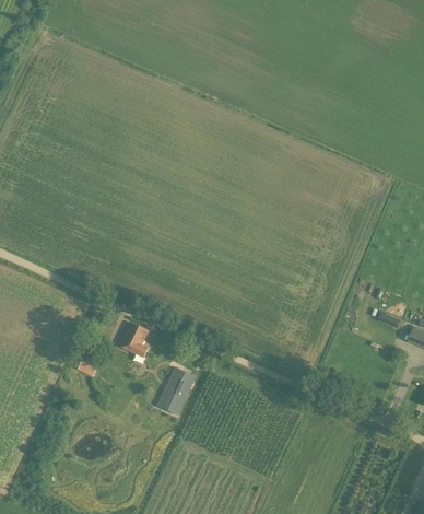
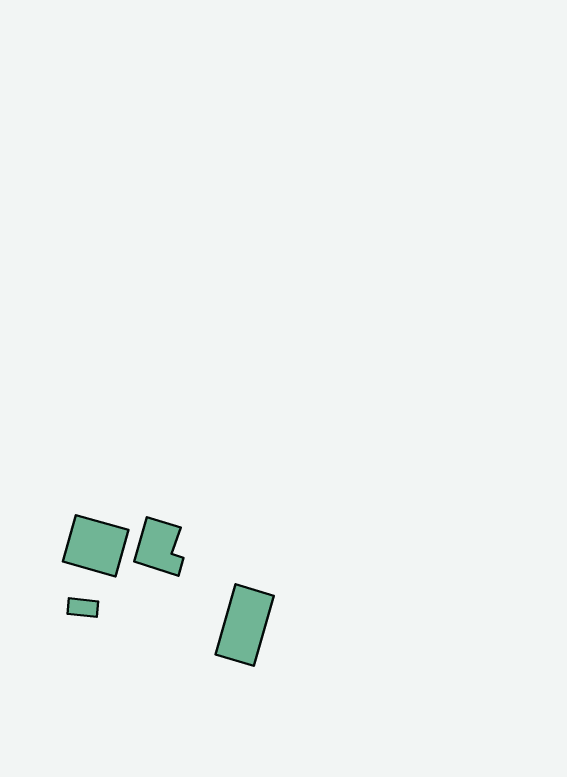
building: none -> [63,515,128,576]

